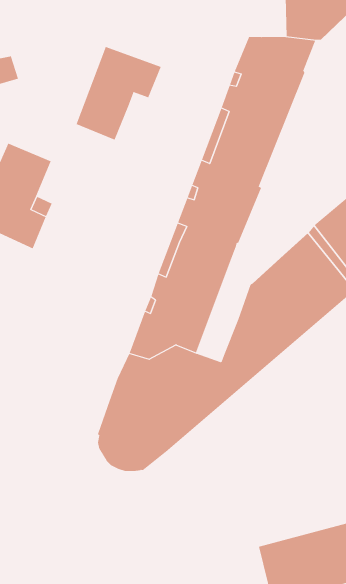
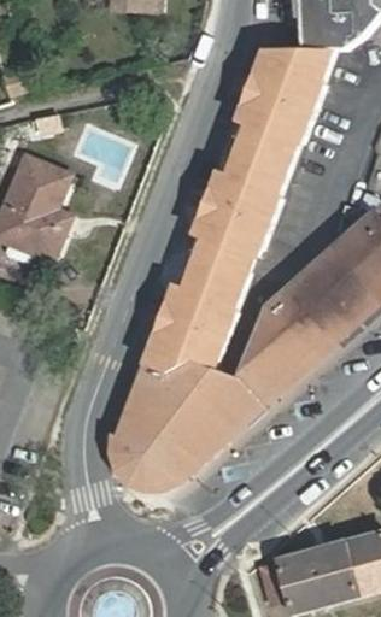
building: [76,46,162,141] -> none

